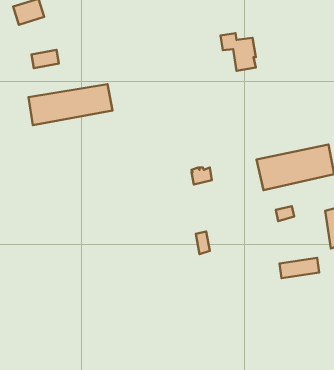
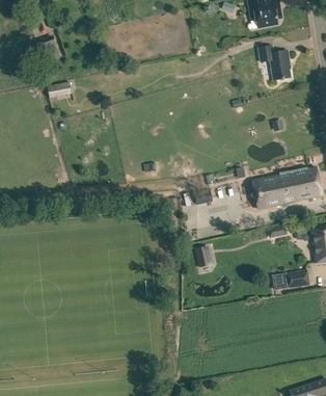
building: [221,33,256,71] -> [259,46,291,80]
building: [28,84,113,125] -> none

